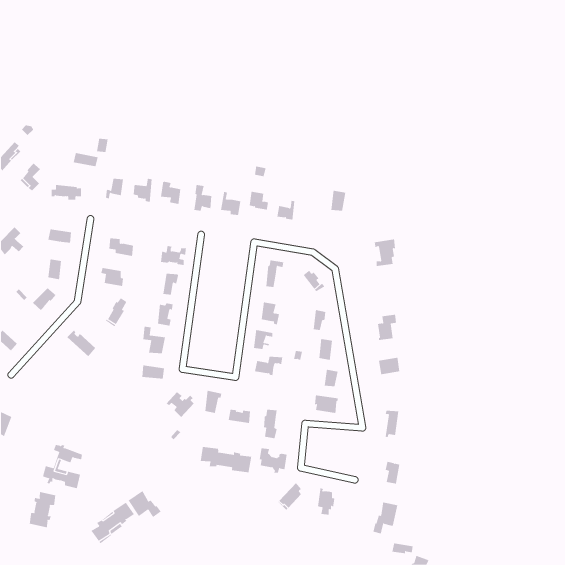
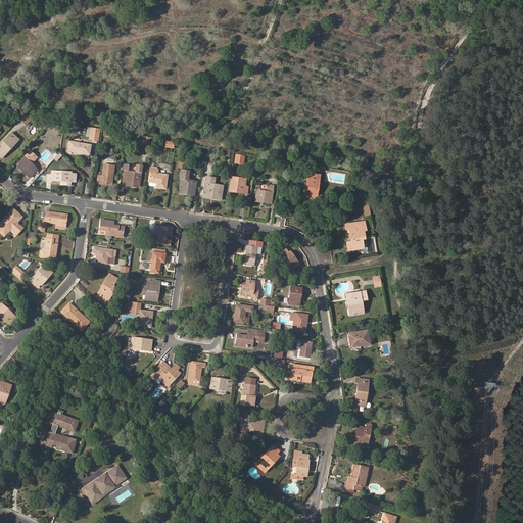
building: [200,446,252,473] -> none
building: [128,490,161,518] -> none
building: [29,491,56,528] -> none

